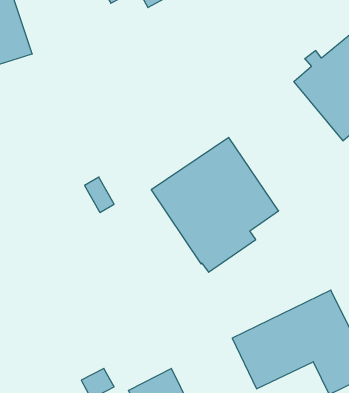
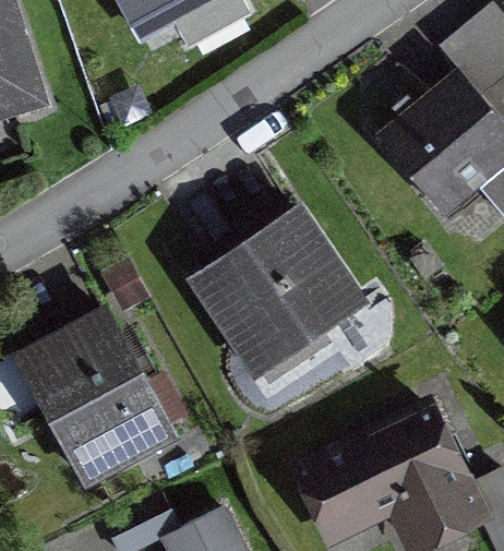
building: none -> [37,314,172,480]

